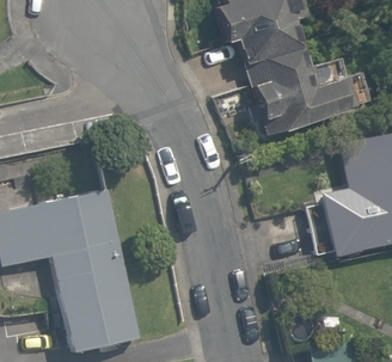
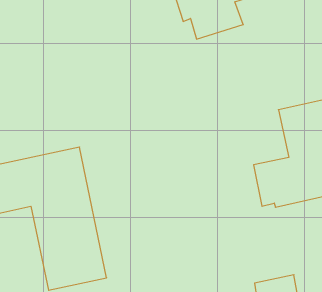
building: [244,48,370,136] -> none

